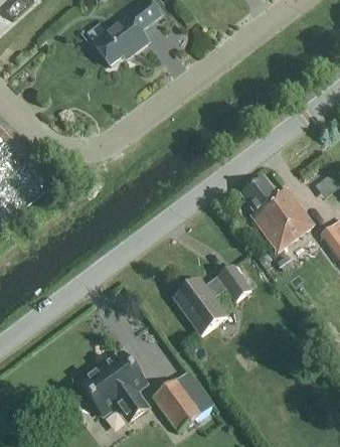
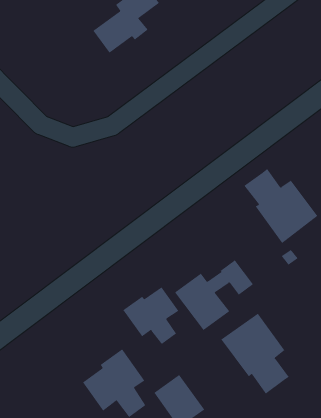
building: none -> [122,286,179,345]
building: none -> [221,313,290,395]

